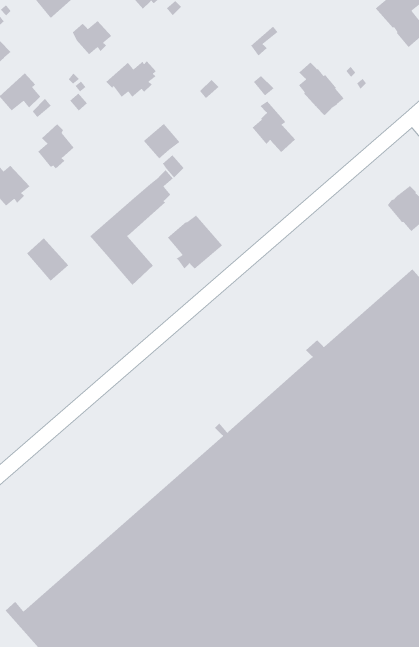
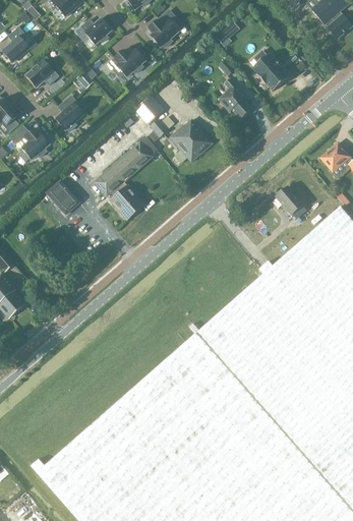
building: none -> [149,10,179,48]
building: [167,215,223,270] -> [170,120,213,162]
building: none -> [276,186,306,220]

